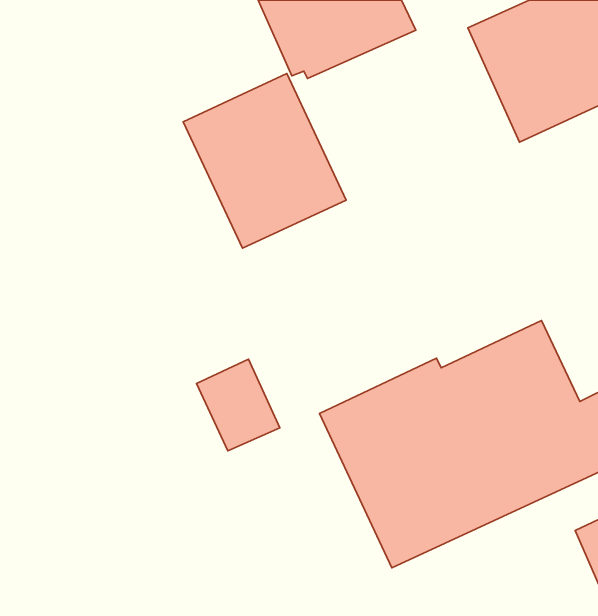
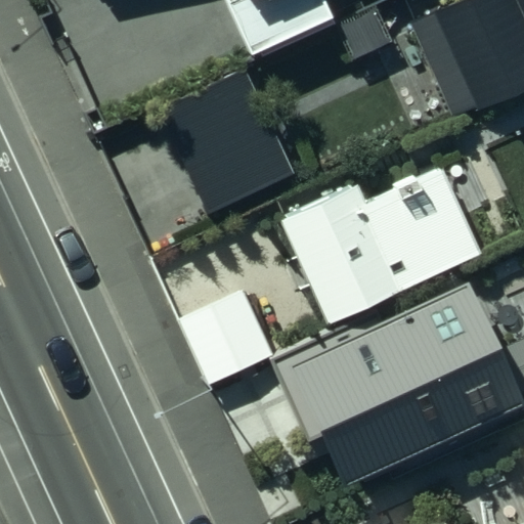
building: none -> [260,170,473,330]

